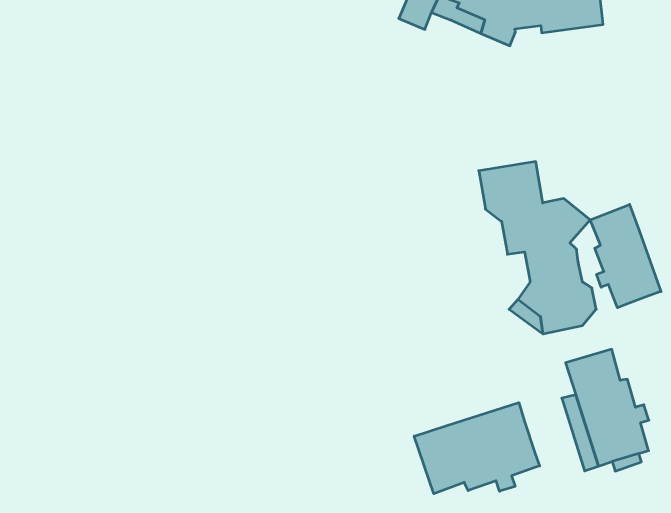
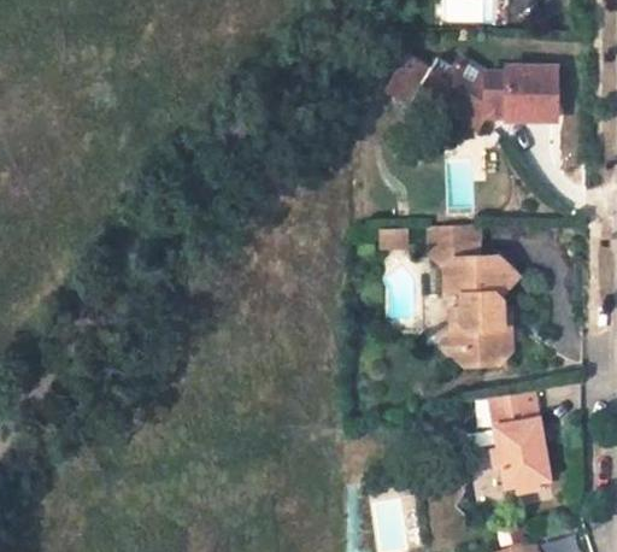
building: [590,204,661,308] -> none
building: [414,403,540,494] -> none

